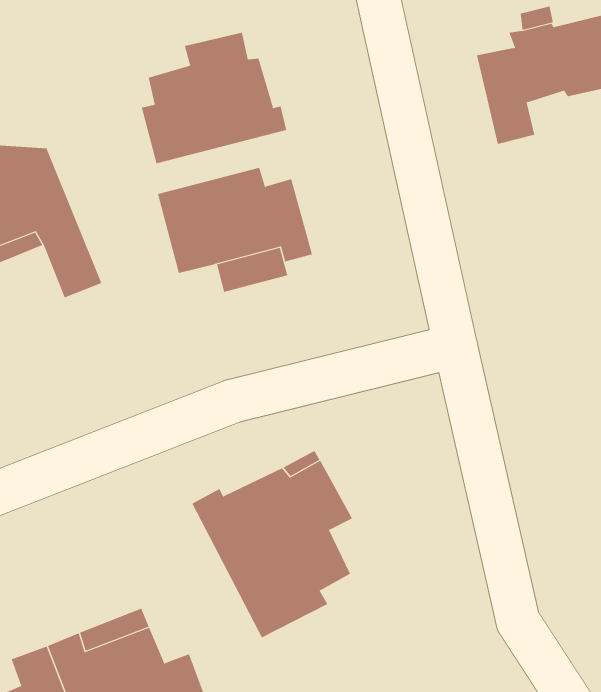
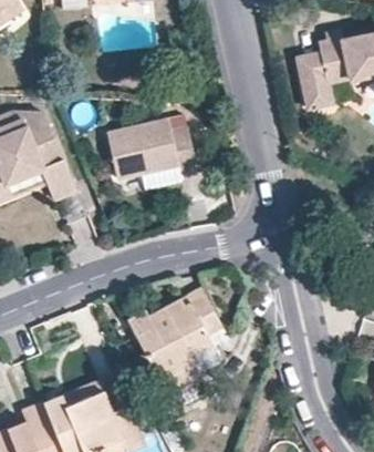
building: [141,32,287,164] -> none

